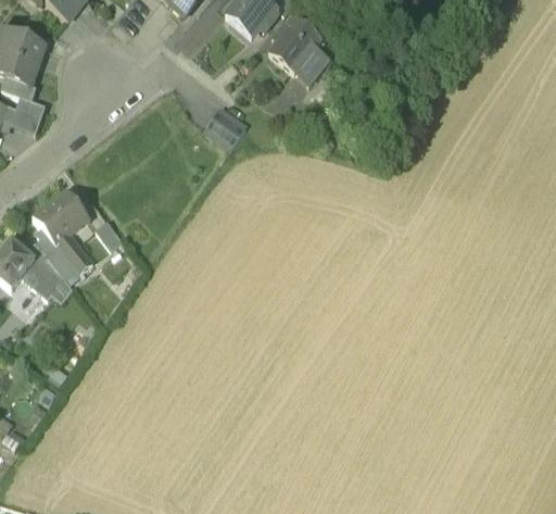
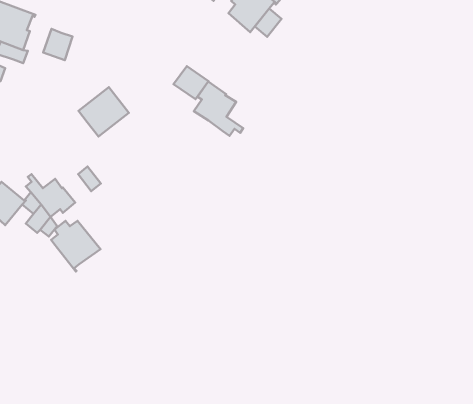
building: [11,98,45,134] -> [43,29,72,60]
building: none -> [194,82,243,136]
building: [31,189,89,246] -> [79,87,129,136]
building: none -> [51,221,101,272]

